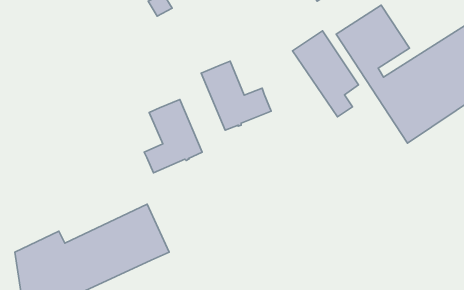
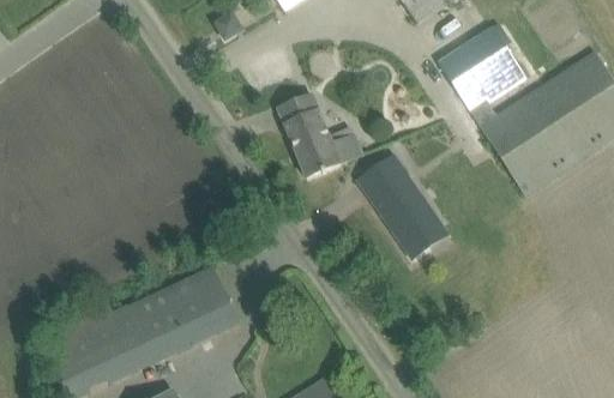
building: [292,31,358,117] -> [357,156,437,259]
building: [144,100,202,173] -> none

